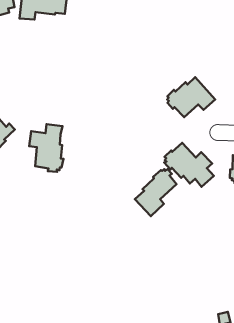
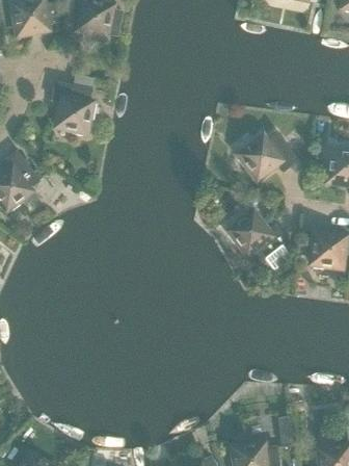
building: [29,124,63,172] -> [50,74,93,135]
building: [135,169,176,216] -> none

